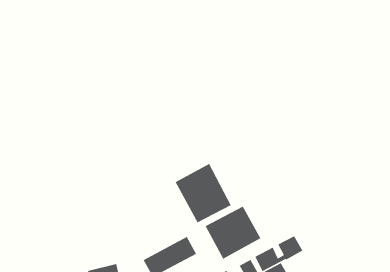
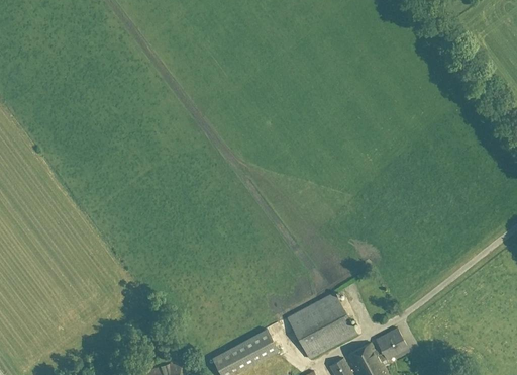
building: [174,163,232,224] -> none

